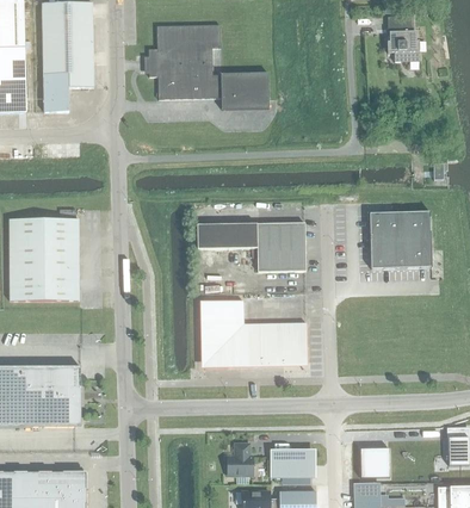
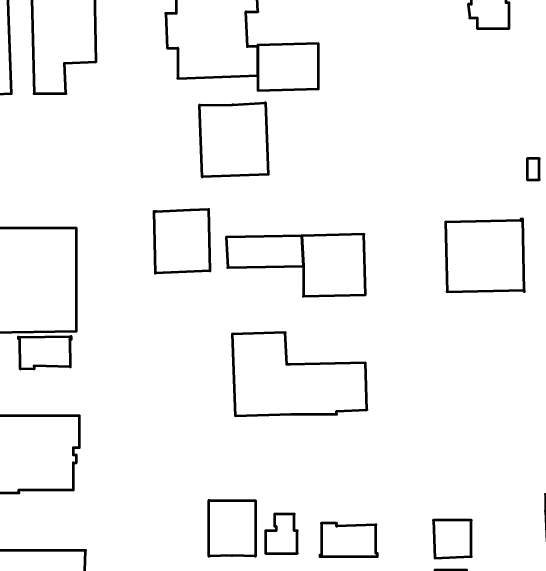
building: none -> [200,103,268,177]
building: none -> [154,209,210,273]
building: none -> [18,336,71,369]
building: none -> [209,500,255,556]

